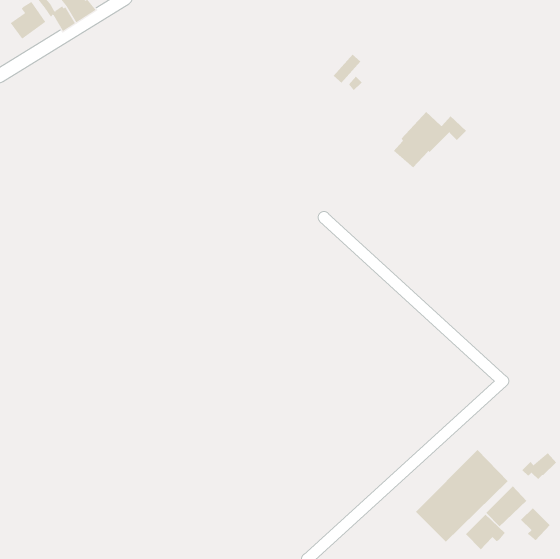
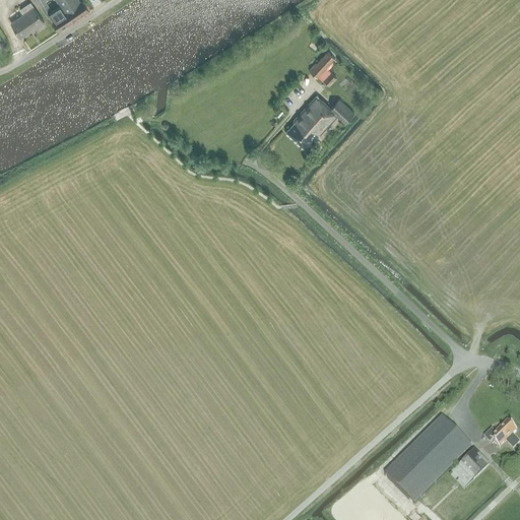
building: [393,111,467,168] -> [285,93,353,146]
building: [520,507,551,541] -> none
building: [465,514,506,550] -> none

